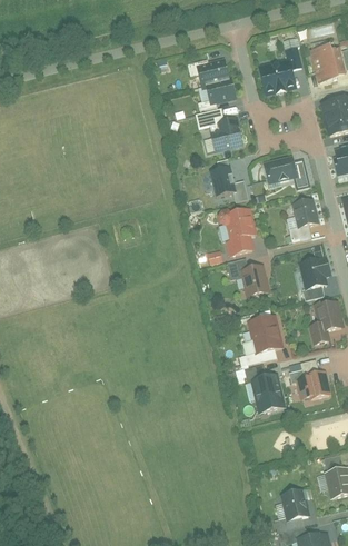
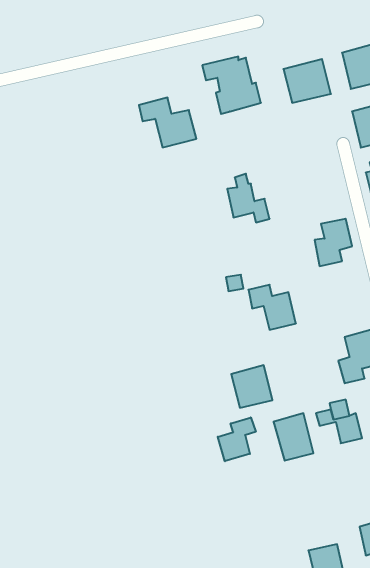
building: [195,107,246,151] -> [139,98,196,147]
building: [264,153,310,187] -> none
building: [219,206,259,255] -> none
building: [299,256,331,290] -> none
building: [247,314,284,351] -> [231,365,272,408]
building: none -> [218,417,256,461]

